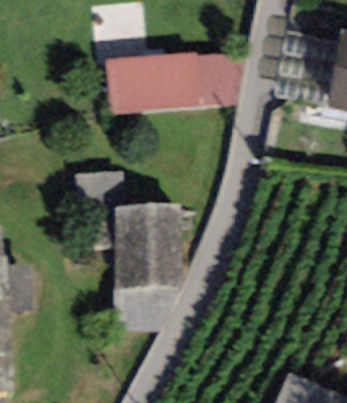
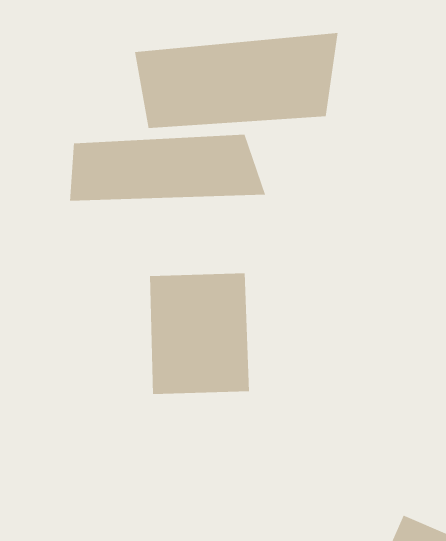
building: none -> [69,134,266,201]

